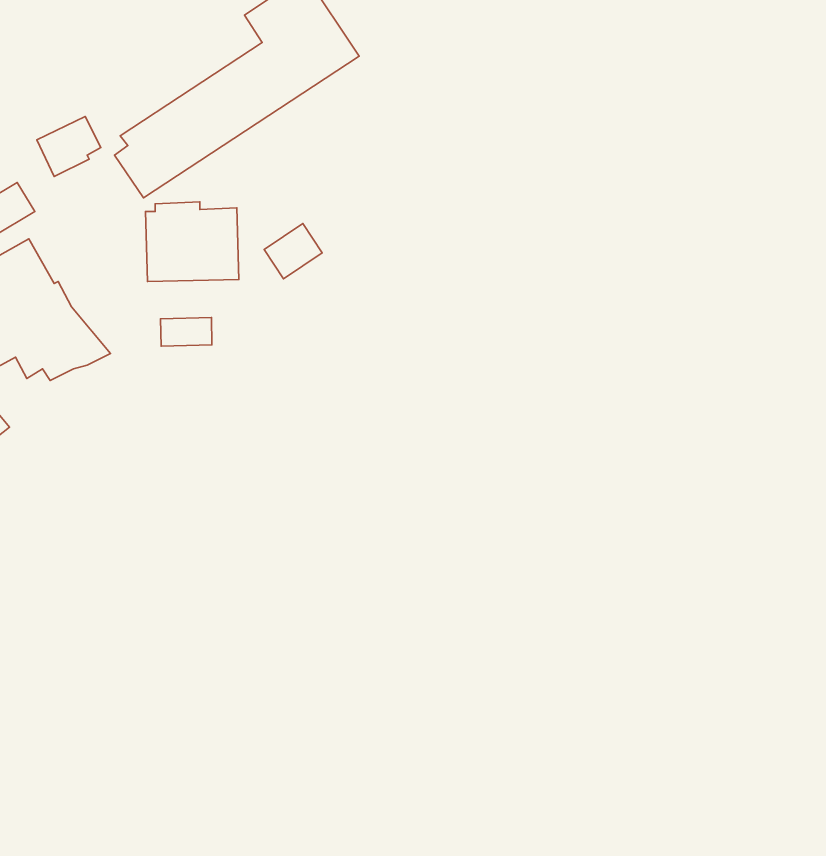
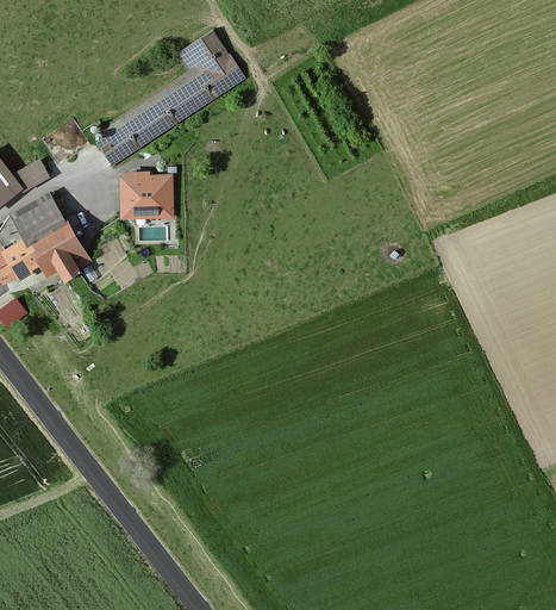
building: [264,224,322,279] -> none
building: [161,317,212,346] -> none

